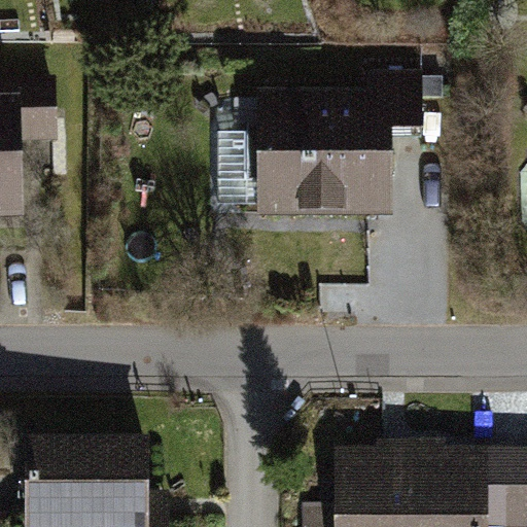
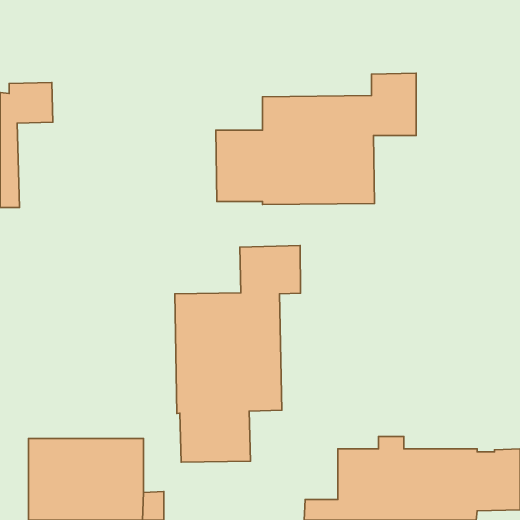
building: none -> [175,245,300,462]

